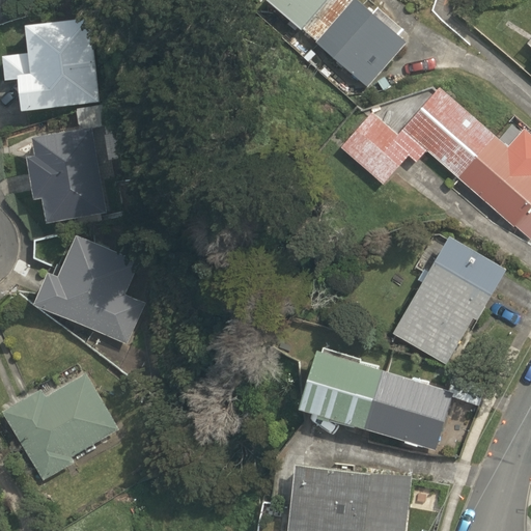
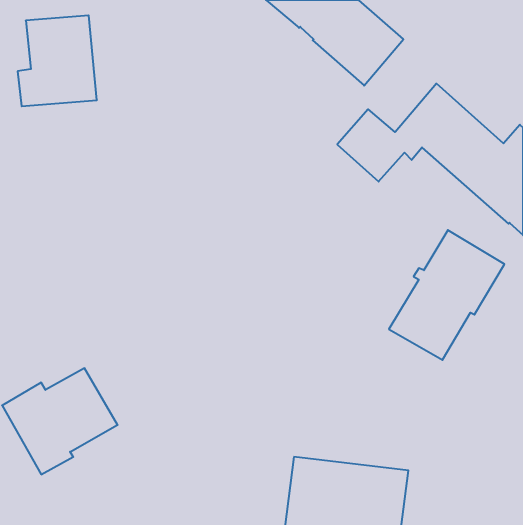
building: [29,104,109,220] -> none
building: [33,235,144,345] -> none
building: [298,346,454,450] -> none

